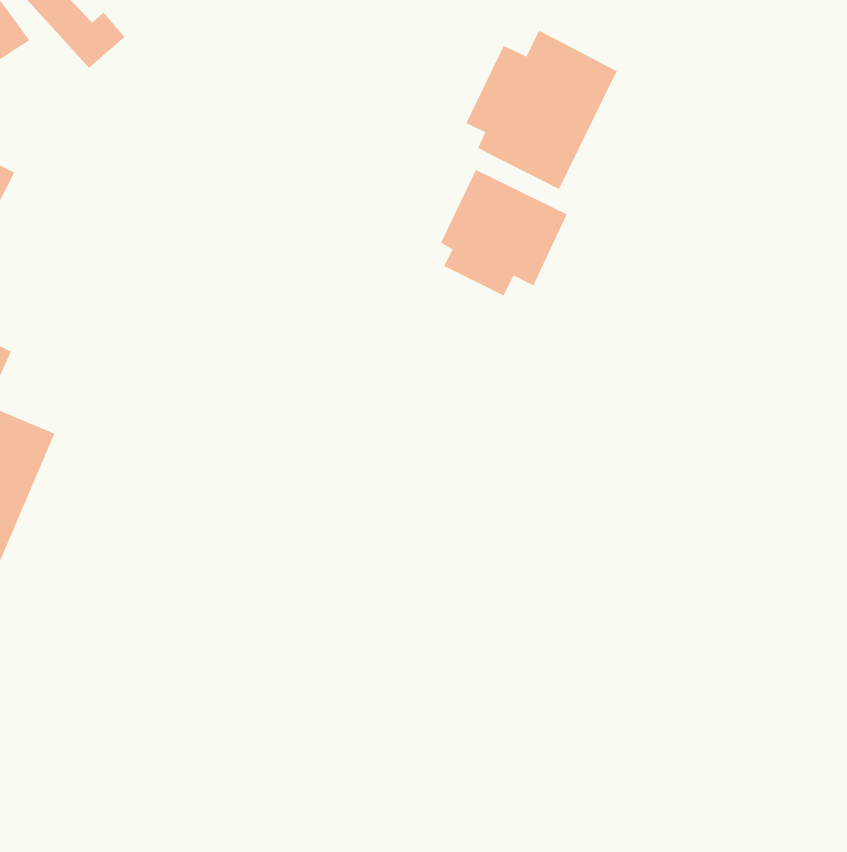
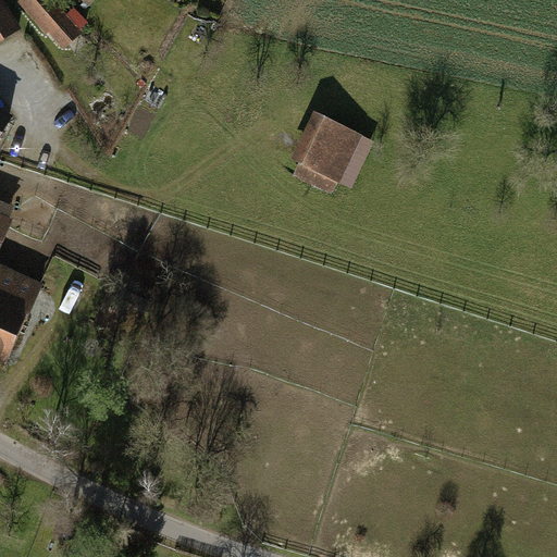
building: [466,30,618,190] -> none

